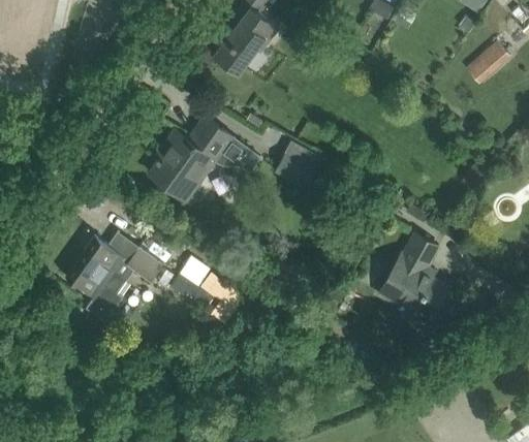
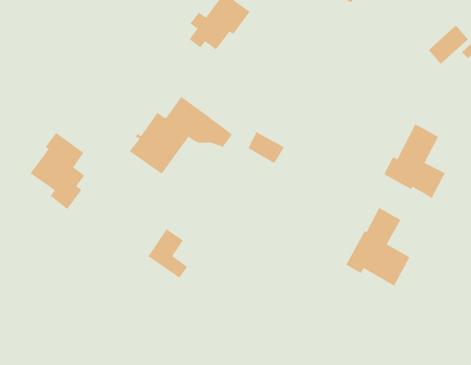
building: none -> [383,123,446,199]
building: [65,234,126,316] -> [27,132,85,210]
building: [127,247,162,281] -> none

